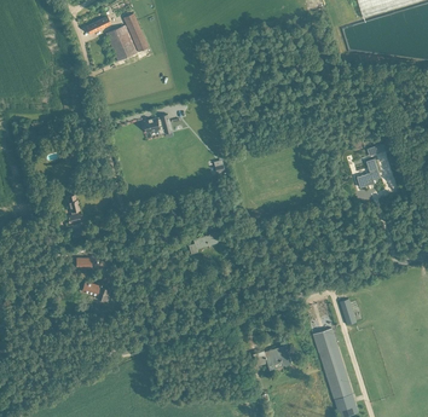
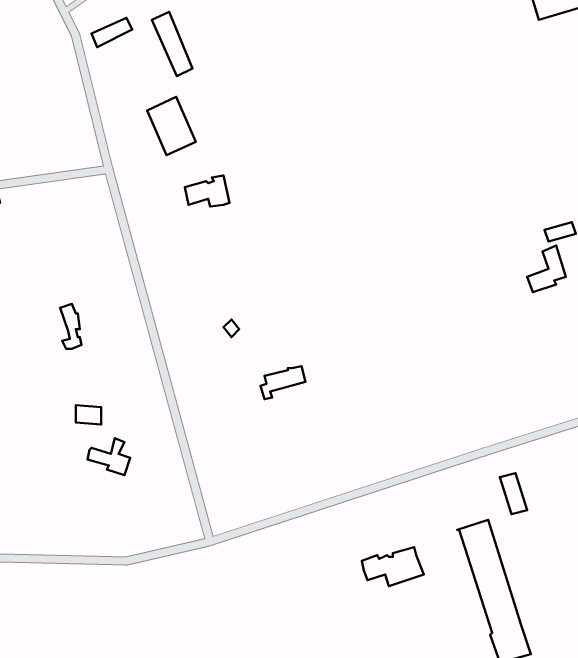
building: [106,25,137,62] -> [147,97,196,155]

